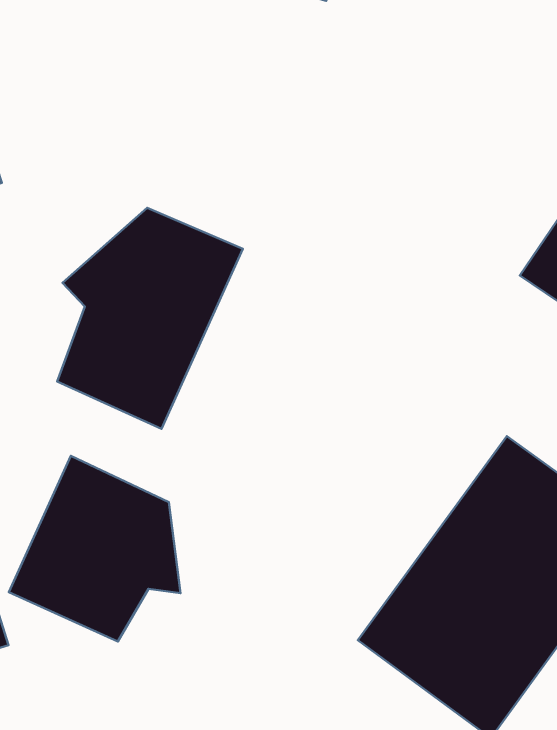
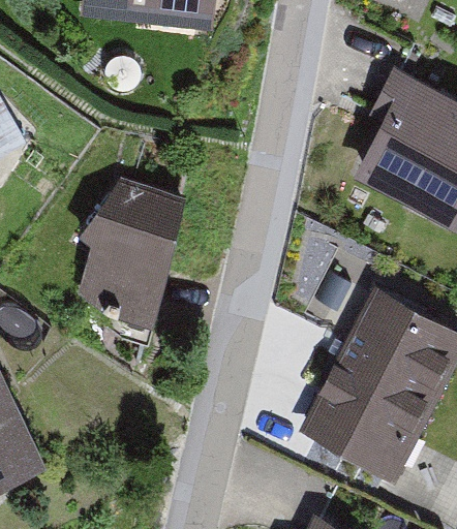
building: [9,456,180,641] -> none

